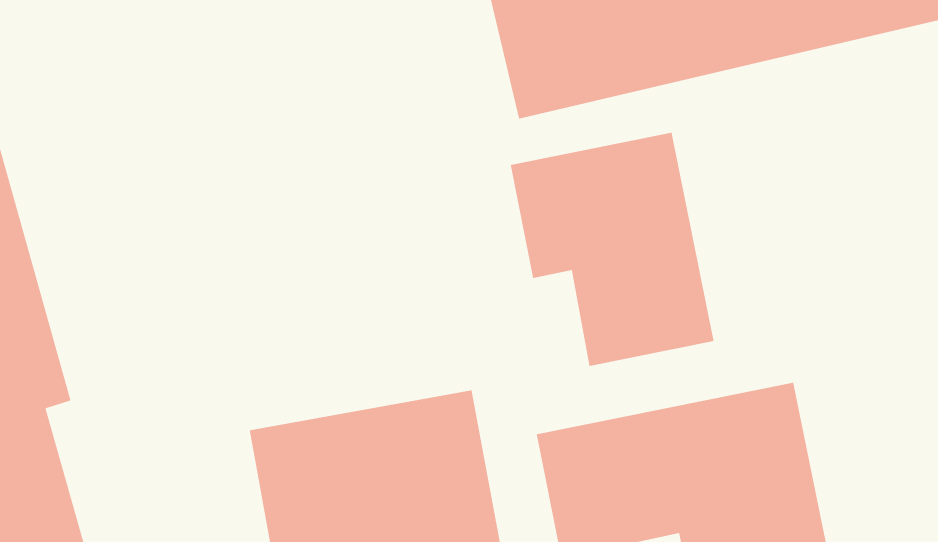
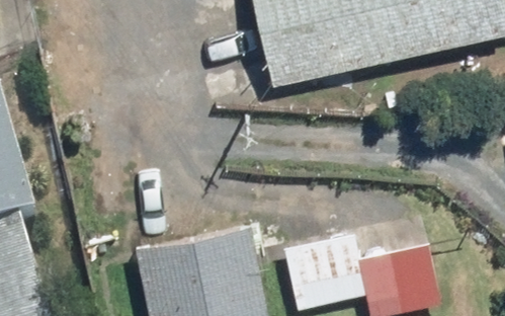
building: [510,132,714,367] -> none

